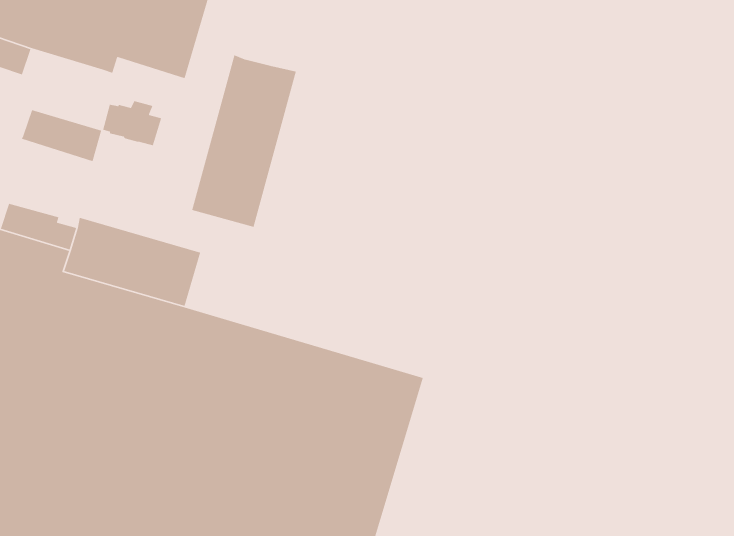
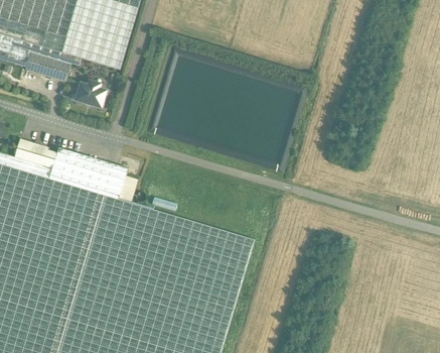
building: [191,54,297,228] -> none
building: [21,109,102,162] -> [24,52,70,83]

